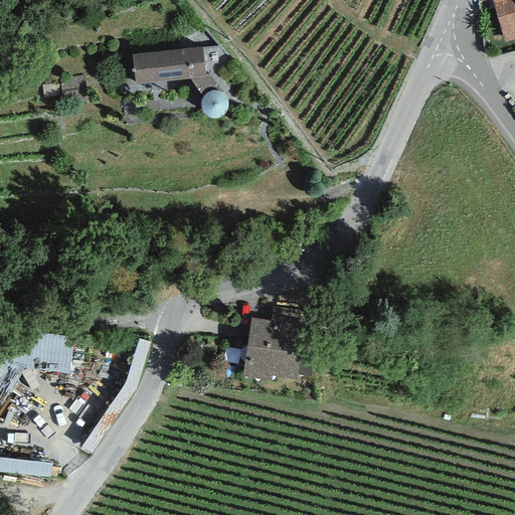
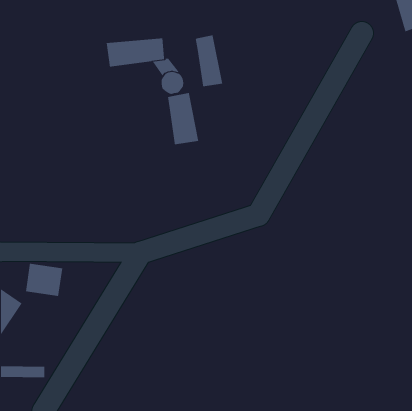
building: none -> [195,35,223,87]
building: none -> [167,92,199,145]
building: [244,305,304,380] -> none

